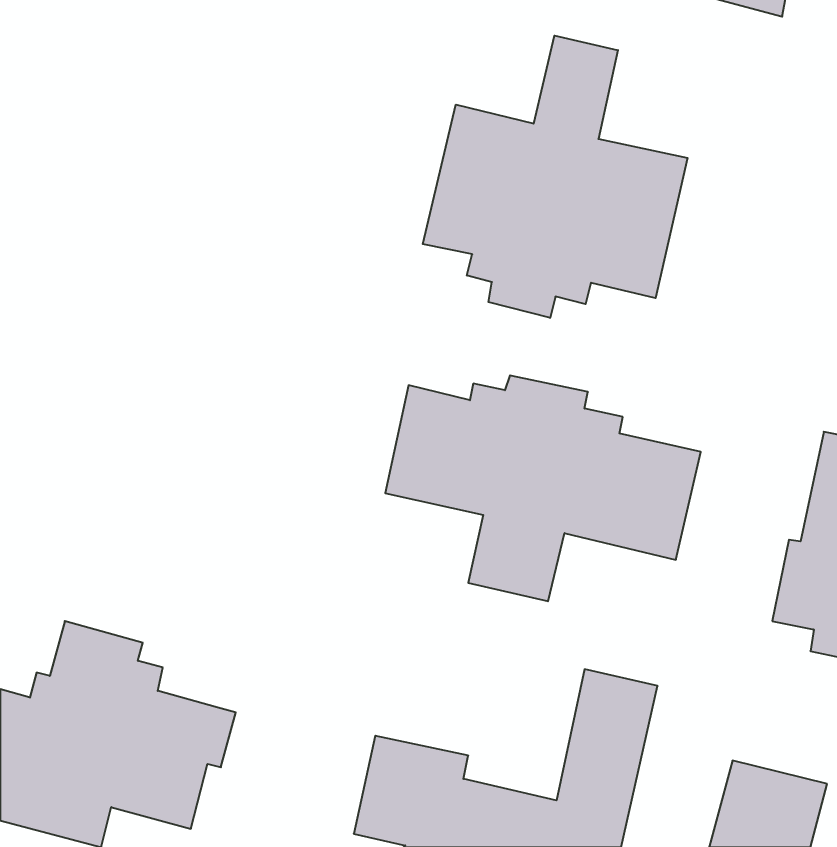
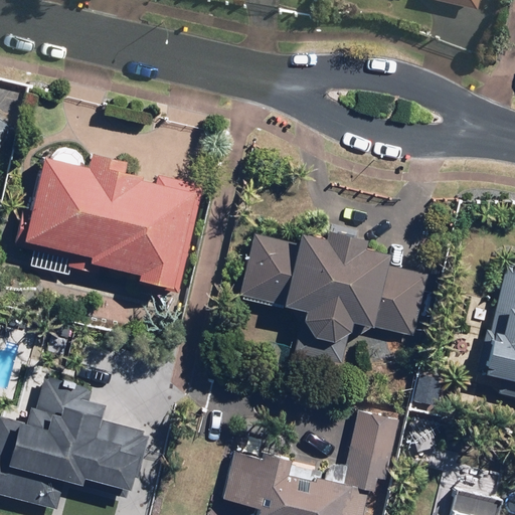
building: [423,36,688,318] -> none
building: none -> [13,147,207,296]

